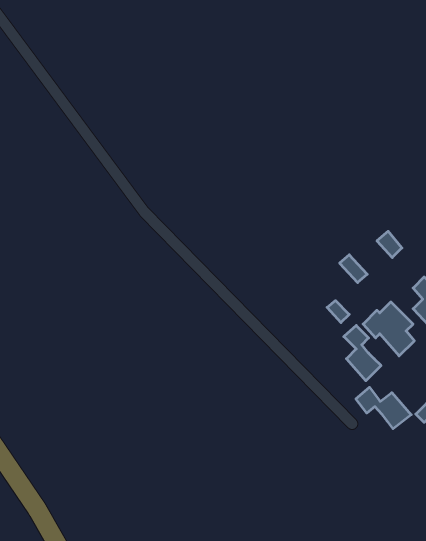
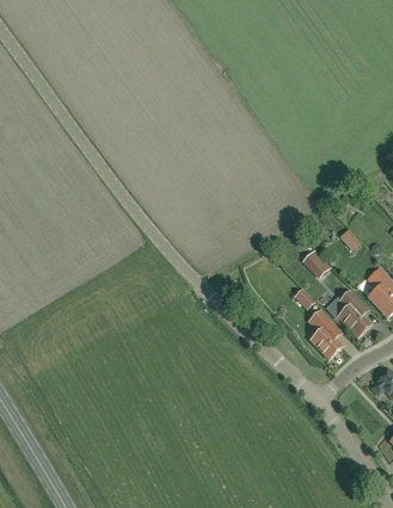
building: [356,387,411,429] -> none

